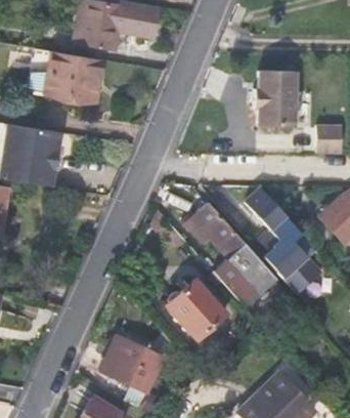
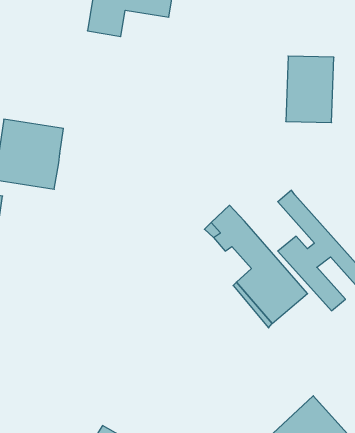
building: [33,50,103,100] -> none
building: [167,280,226,338] -> none
building: [101,335,164,392] -> none

